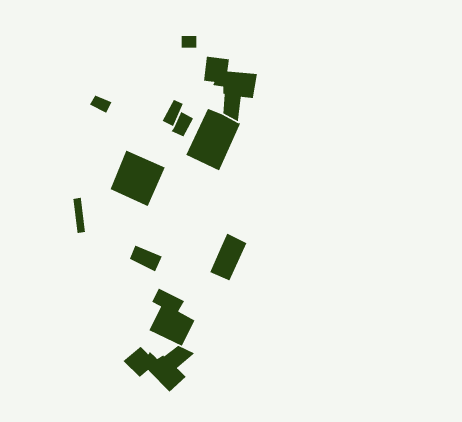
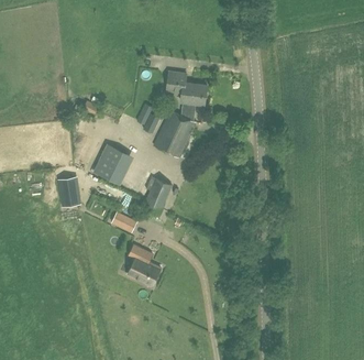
building: [209,232,248,281] -> [142,177,170,214]
building: [122,345,196,393] -> none

